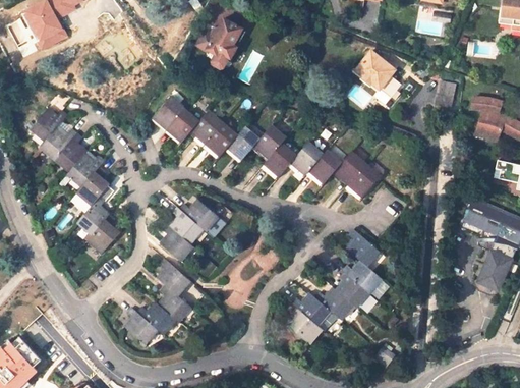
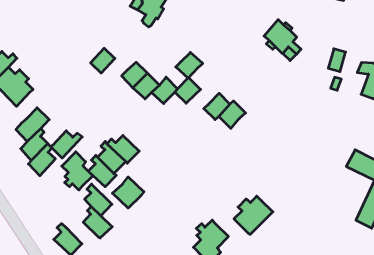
building: [167,109,197,142] -> none
building: [265,145,296,175] -> [176,52,203,78]
building: [334,152,381,197] -> none
building: [67,155,104,187] -> [51,131,82,158]
building: none -> [62,152,93,190]
building: [346,230,380,267] -> none
building: none -> [112,177,144,208]
building: [314,288,353,321] -> none
building: [136,303,176,336] -> none

